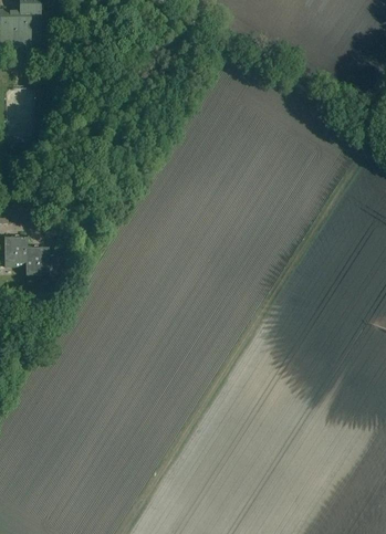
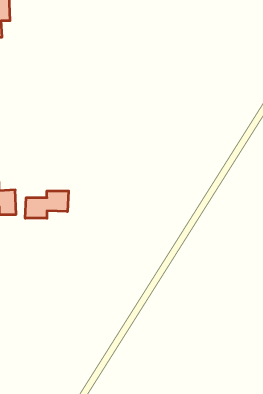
building: none -> [25,191,69,218]

